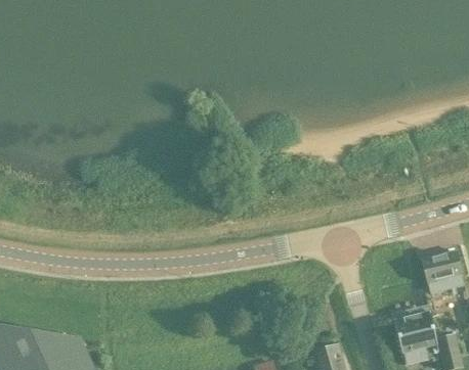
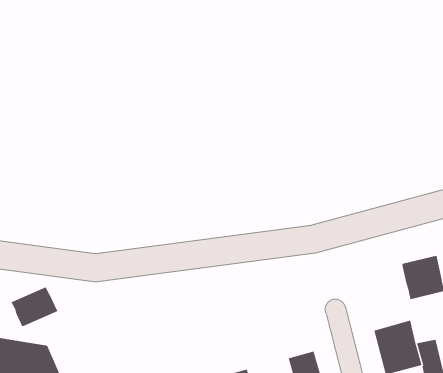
building: none -> [11,287,58,327]

